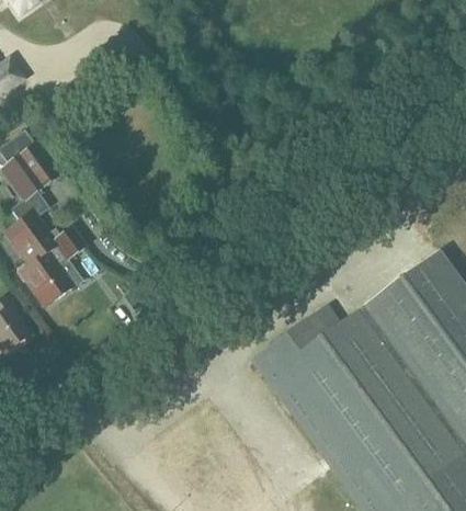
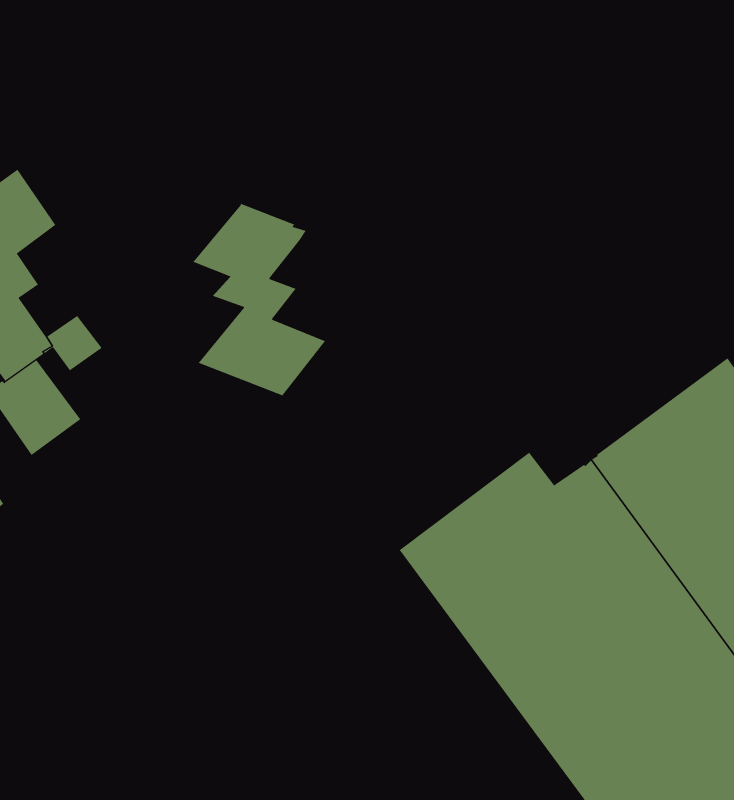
building: none -> [192,203,326,396]

